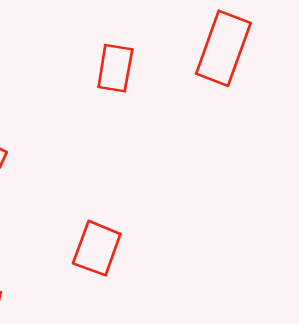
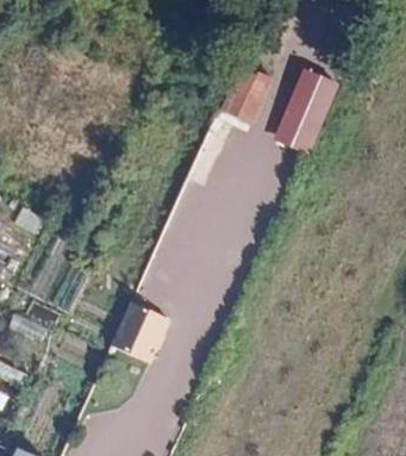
building: [98,45,133,91] -> [231,65,274,121]

